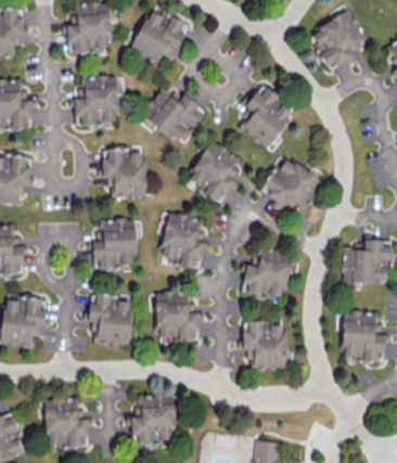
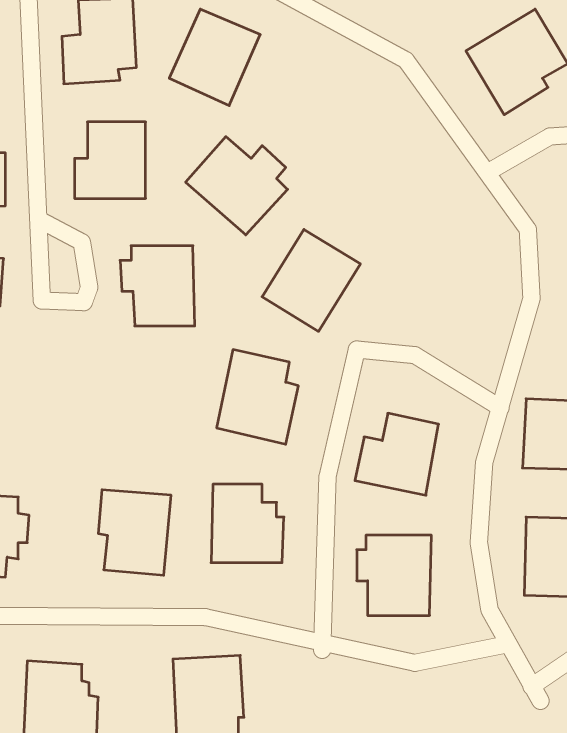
building: [238,86,294,149] -> none
building: [264,159,324,214] -> none
building: [92,219,136,271] -> none

